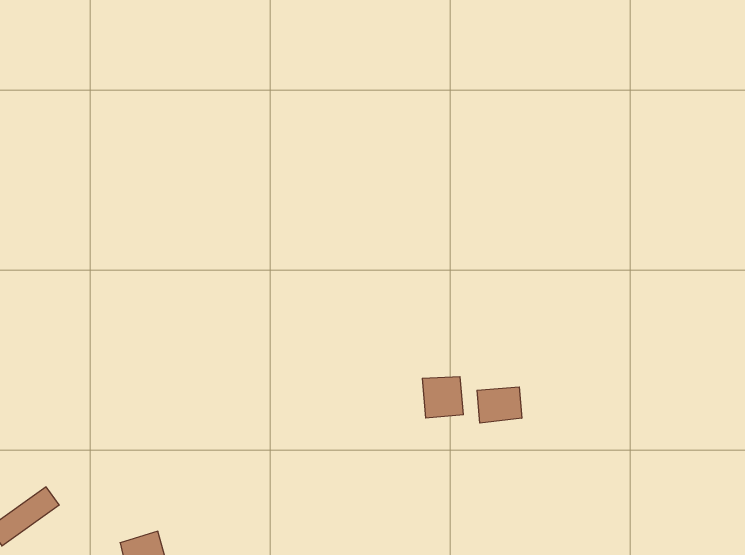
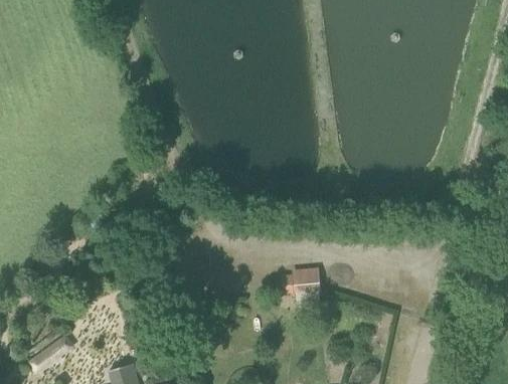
building: [477,387,522,423] -> none

